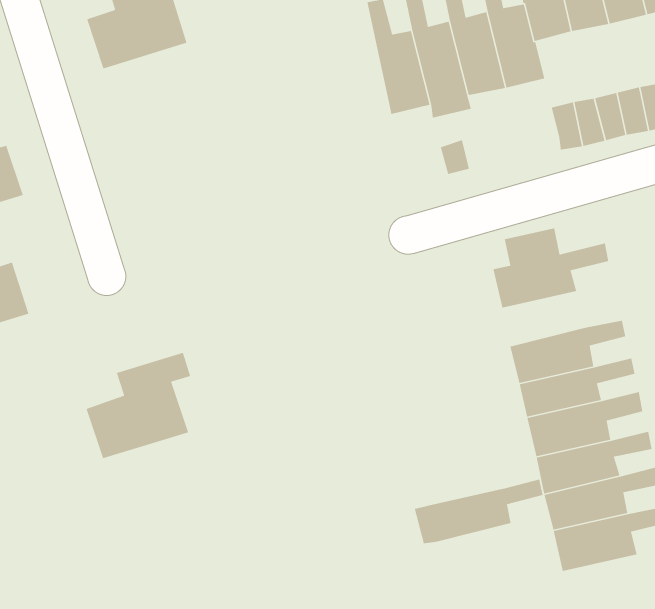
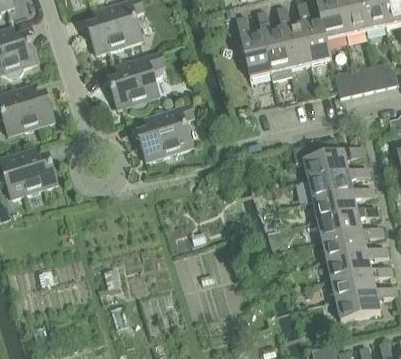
building: none -> [109,52,164,109]
building: [86,352,191,459] -> [138,104,194,161]
building: [414,478,544,544] -> [301,167,370,202]

